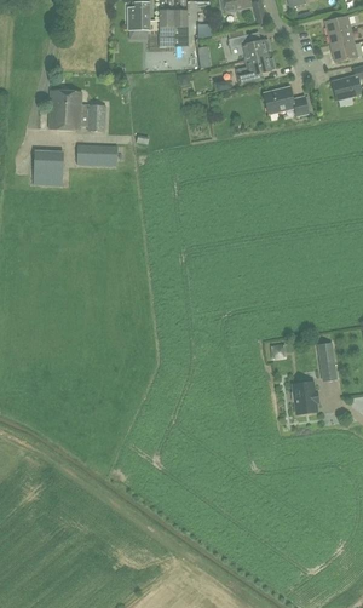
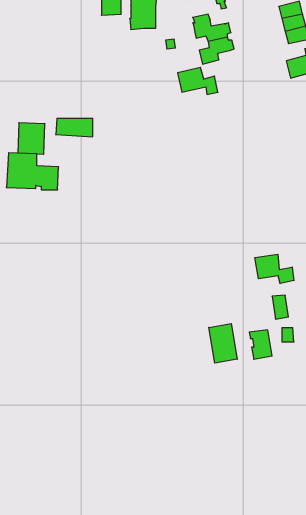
building: [264,86,309,116] -> [178,67,218,94]
building: [48,90,106,131] -> [6,153,59,190]
building: none -> [255,254,294,284]
building: none -> [209,324,237,363]

